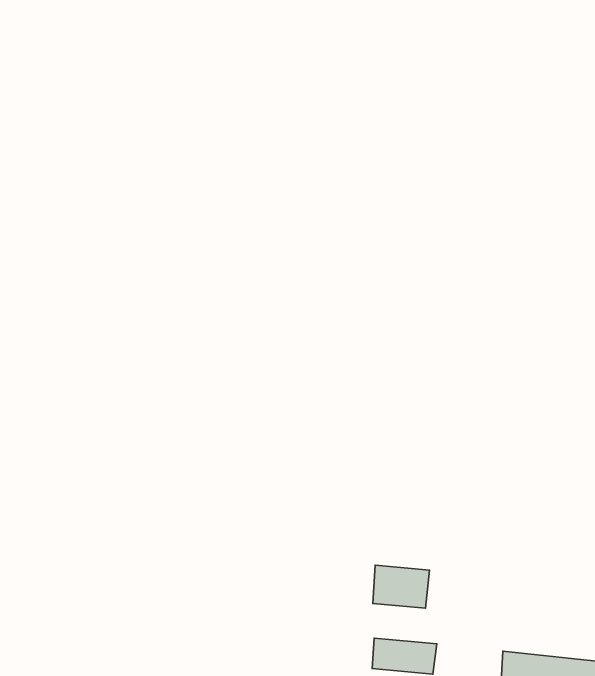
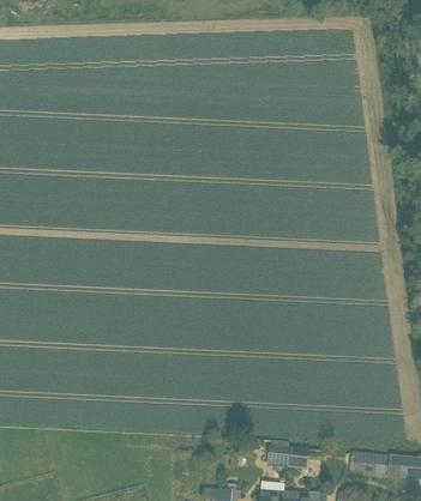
building: [373,565,430,608] -> none

